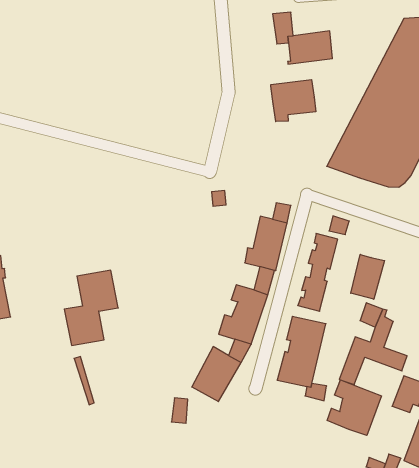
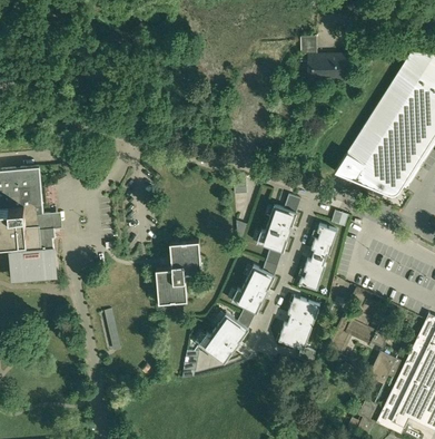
building: [271,80,316,122] -> none
building: [351,254,385,299] -> none
building: [64,270,118,345] -> [156,242,201,302]
building: [327,380,381,435] -> none

